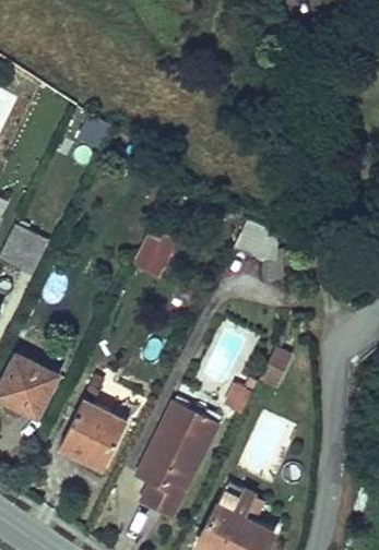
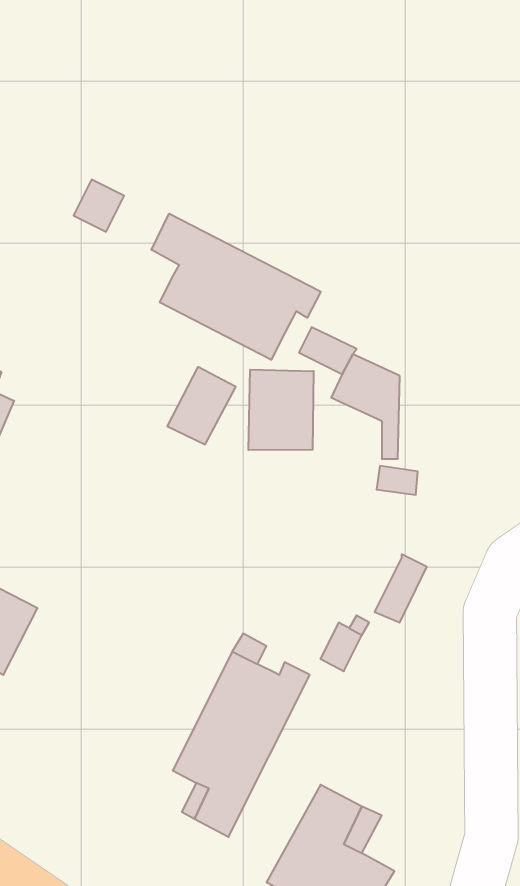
building: none -> [151,214,321,360]
building: none -> [248,370,314,450]
building: [59,385,128,464] -> none

